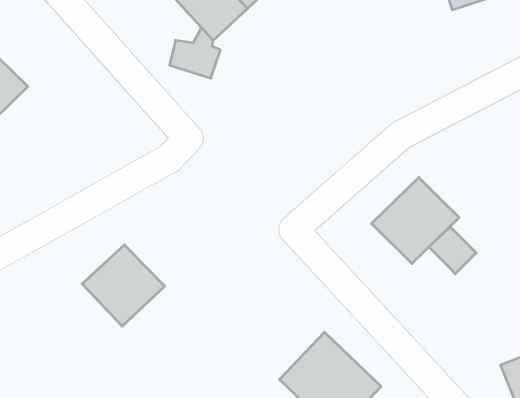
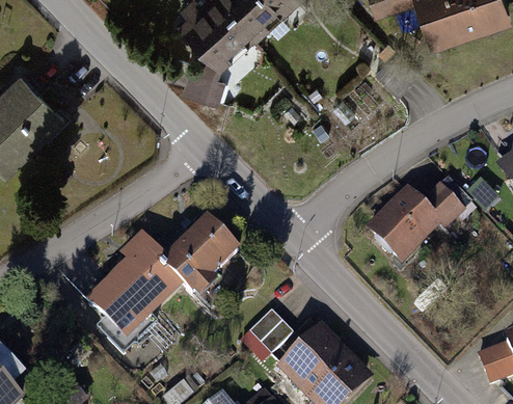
building: none -> [162,216,242,299]
building: [429,227,476,274] -> [422,186,463,227]
building: none -> [87,280,150,352]
building: none -> [244,305,292,352]

